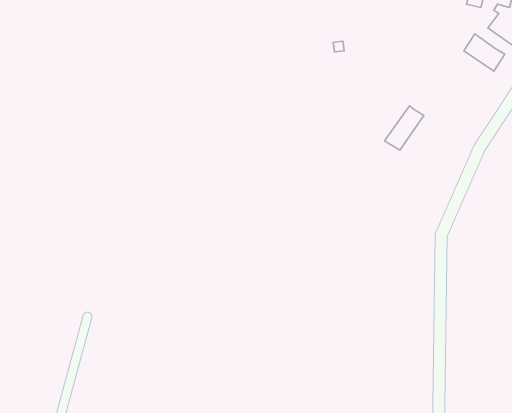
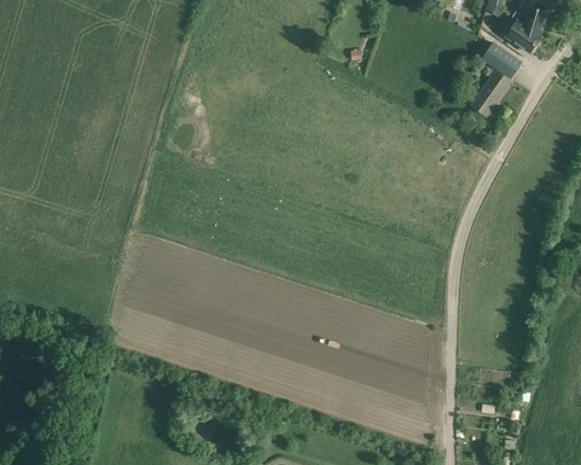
building: [384,106,424,150] -> [471,70,511,115]

